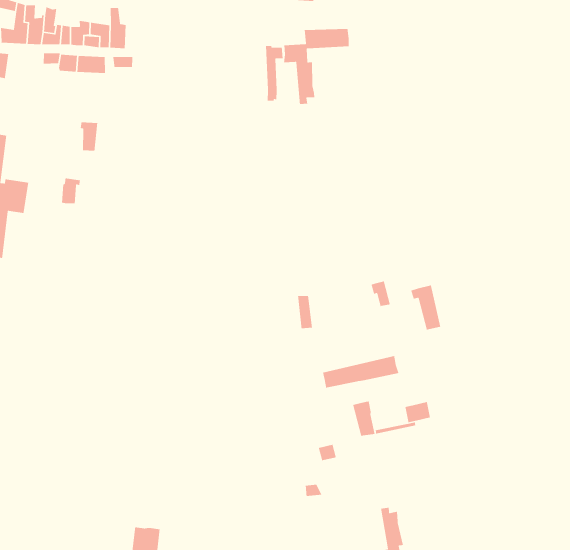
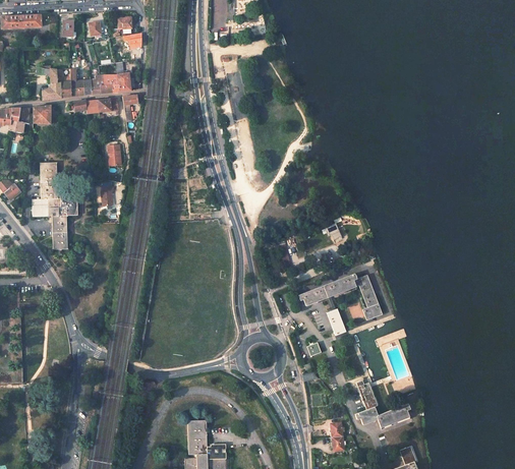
building: [283,28,350,105] -> none
building: [410,285,441,331] -> [352,275,378,307]

